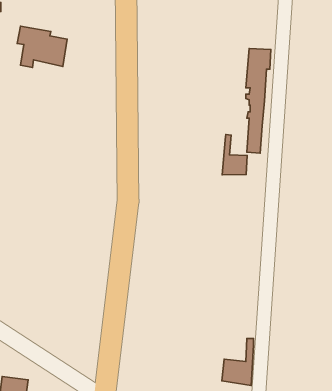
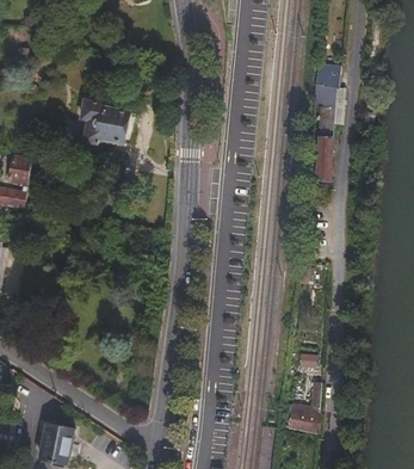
building: [17,26,67,67] -> [73,97,128,142]
building: [222,134,247,175] -> none

